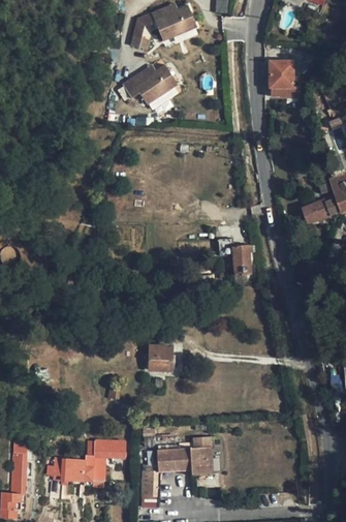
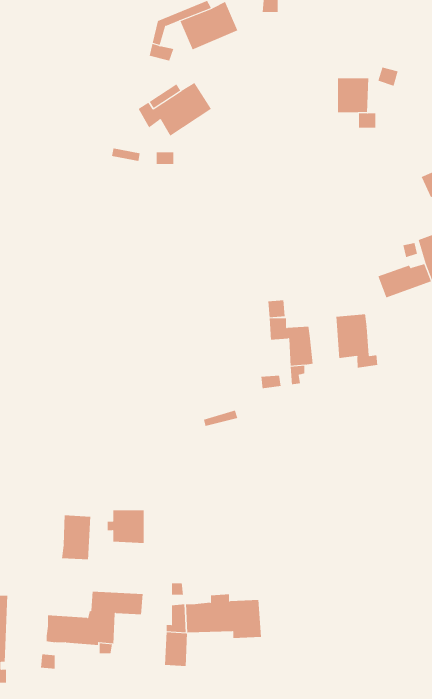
building: none -> [336,314,378,369]
building: [144,346,171,371] -> [107,510,145,543]
building: none -> [62,515,91,560]

